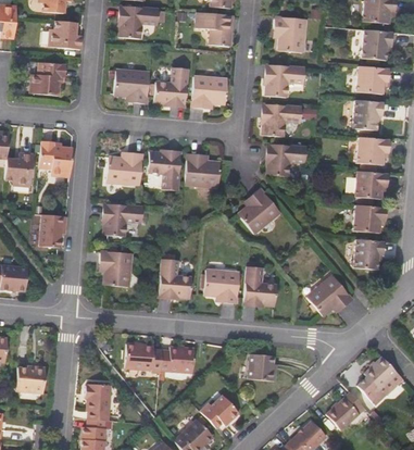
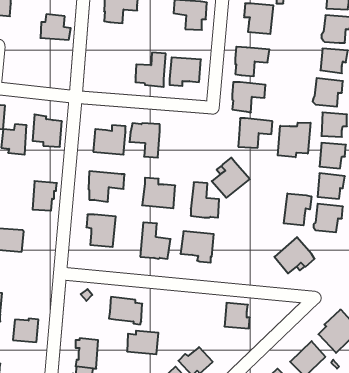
building: [29,62,65,93] -> none
building: [113,70,149,102] -> none
building: none -> [278,123,310,157]
building: [184,152,221,186] -> [142,178,175,208]
building: none -> [284,193,311,225]
building: [243,267,275,307] -> [191,182,219,218]
building: [160,346,195,372] -> [127,331,158,354]

